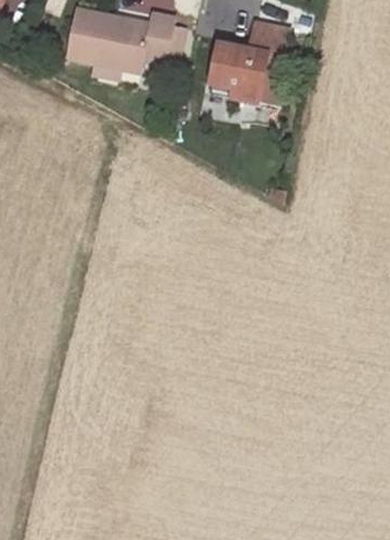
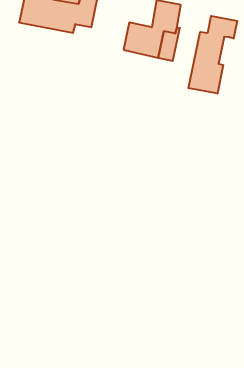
building: none -> [189,16,237,94]

